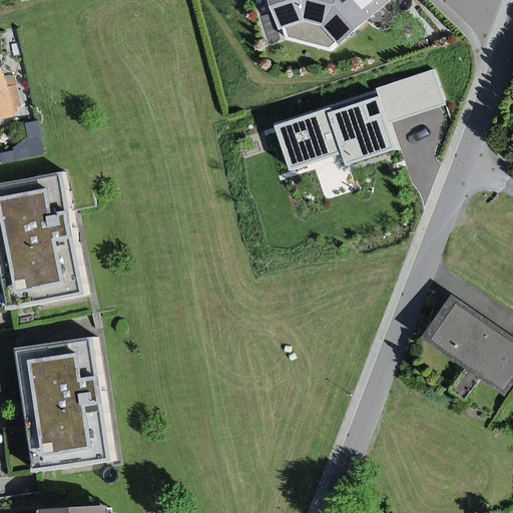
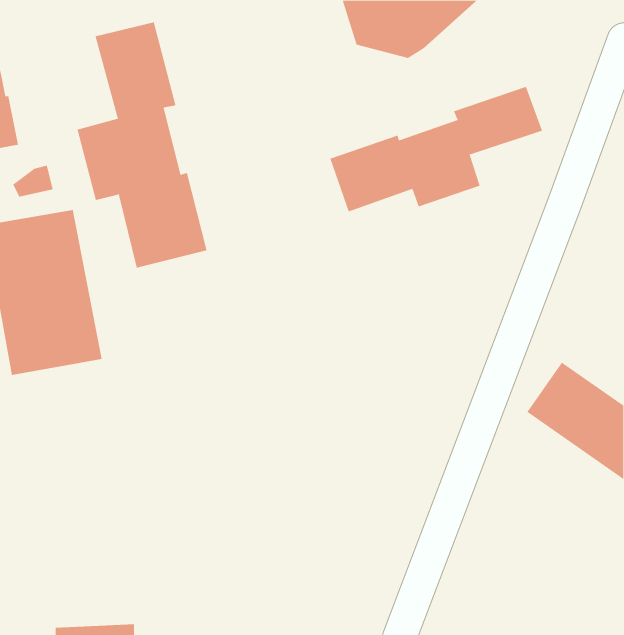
building: none -> [77,21,207,269]
building: [21,340,107,465] -> none

